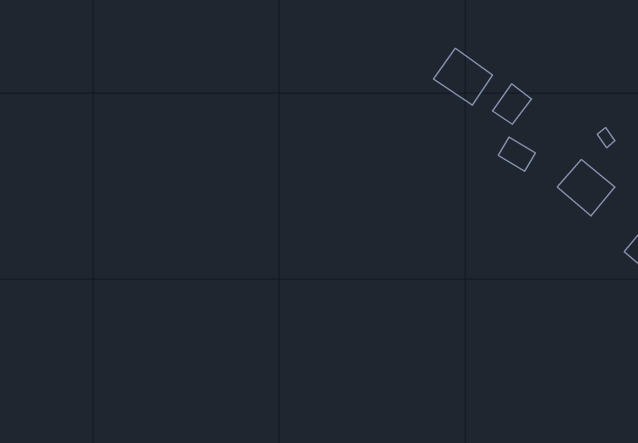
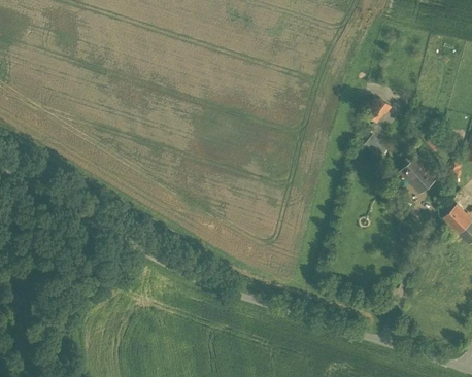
building: [434,48,492,105] -> none

